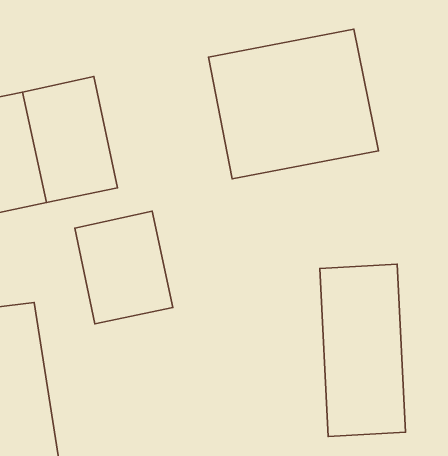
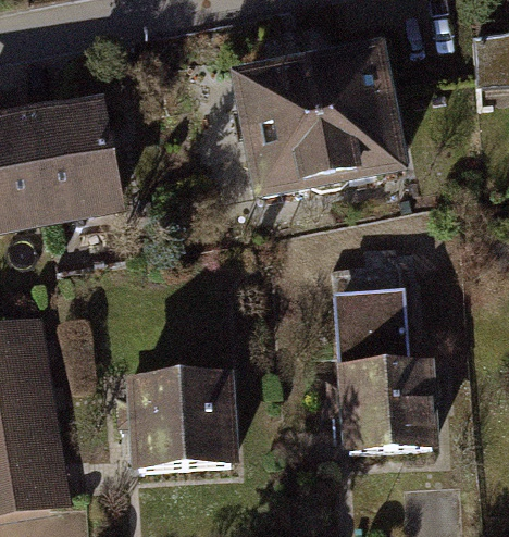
building: [75,211,173,324] -> none
building: none -> [138,382,253,478]

